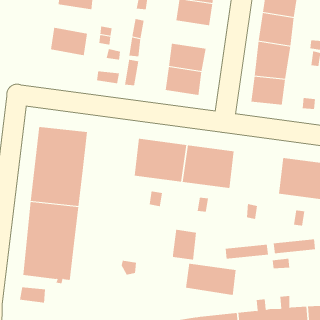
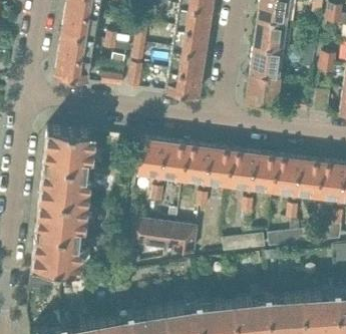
building: none -> [61,15,97,42]
building: none -> [171,30,208,56]
building: none -> [54,57,90,85]
building: none -> [227,152,276,193]
building: [185,263,237,295] -> [127,220,176,250]

